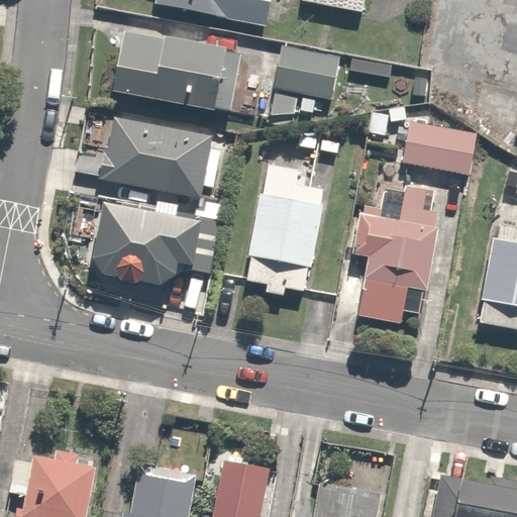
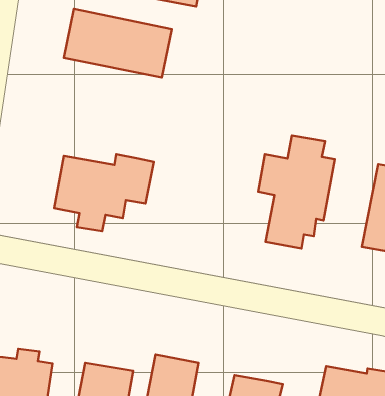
building: [268,40,341,123] -> none
building: [100,119,224,214] -> none
building: [400,120,477,176] -> none
building: [246,149,327,292] -> none

